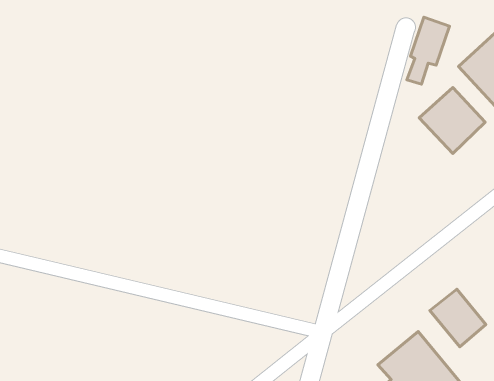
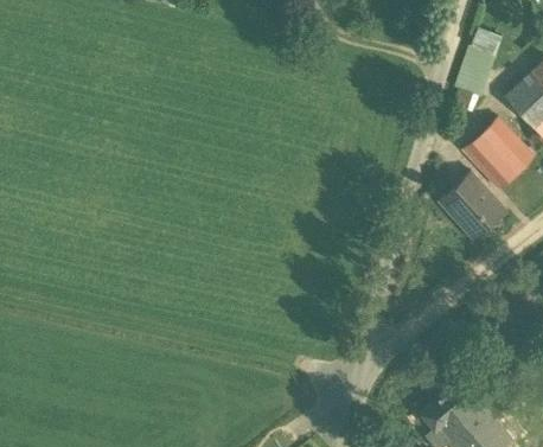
building: none -> [439,172,504,238]
building: [430,289,486,347] -> none

